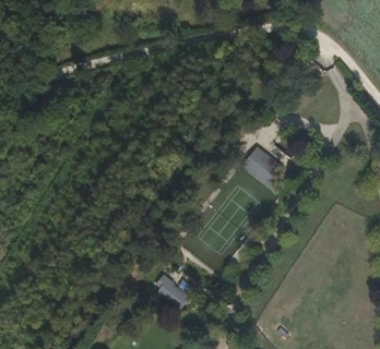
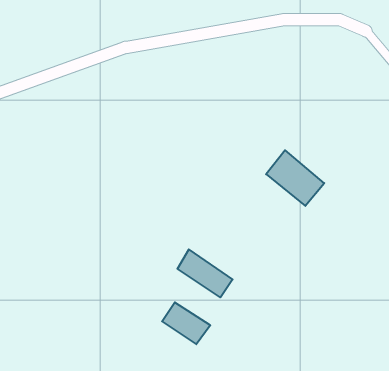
building: none -> [177,249,233,297]

